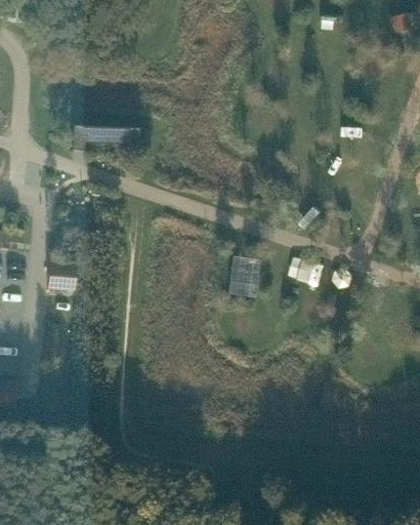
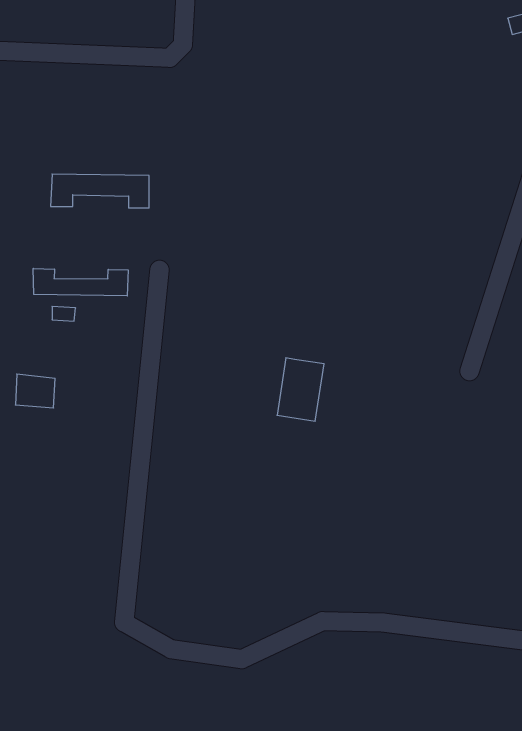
building: none -> [33,268,128,296]

